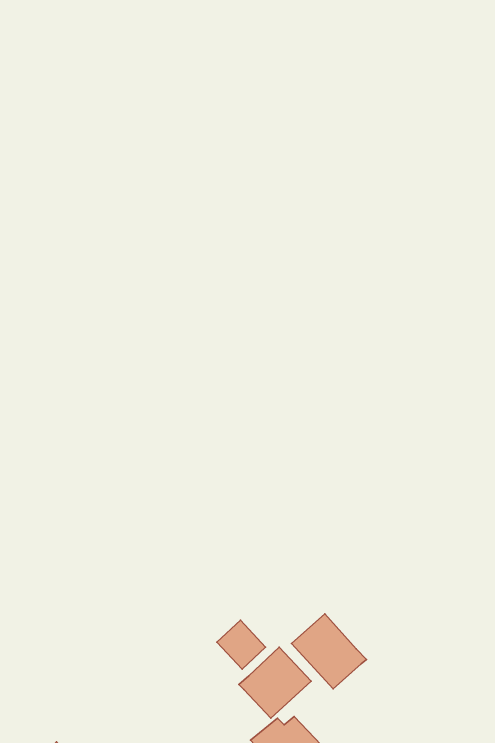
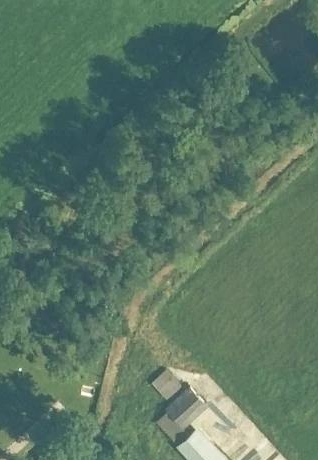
building: [291,614,366,689] -> none

